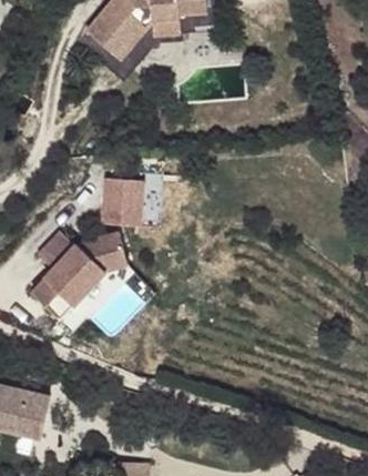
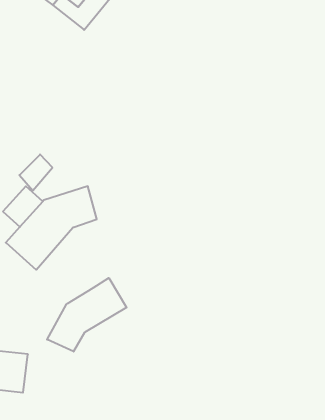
building: [102,175,144,222] -> none
building: none -> [47,278,127,352]

